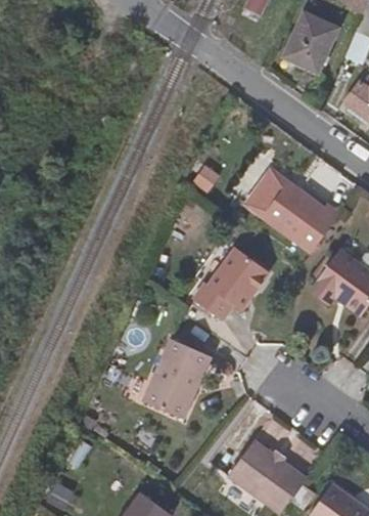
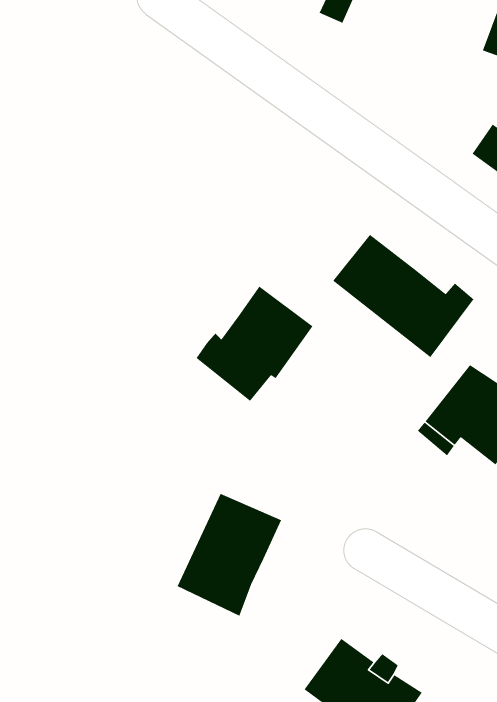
building: [277,15,334,80] -> none
building: [190,245,270,324] -> [196,285,314,402]

